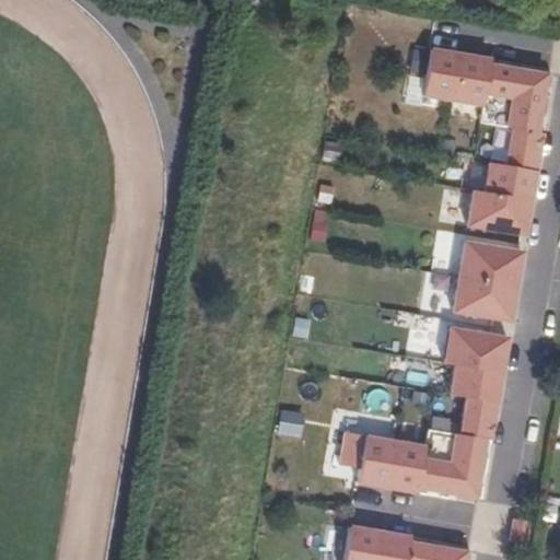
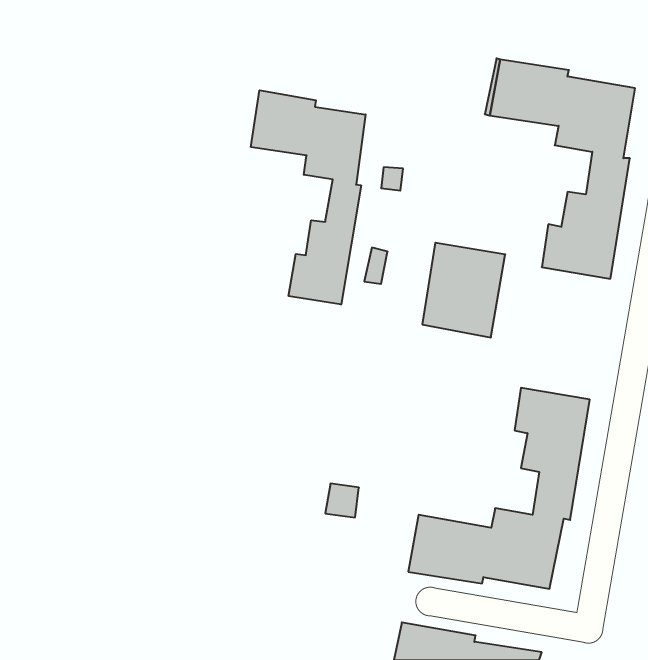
building: none -> [251,90,366,305]
building: [455,242,525,322] -> [422,243,505,337]

